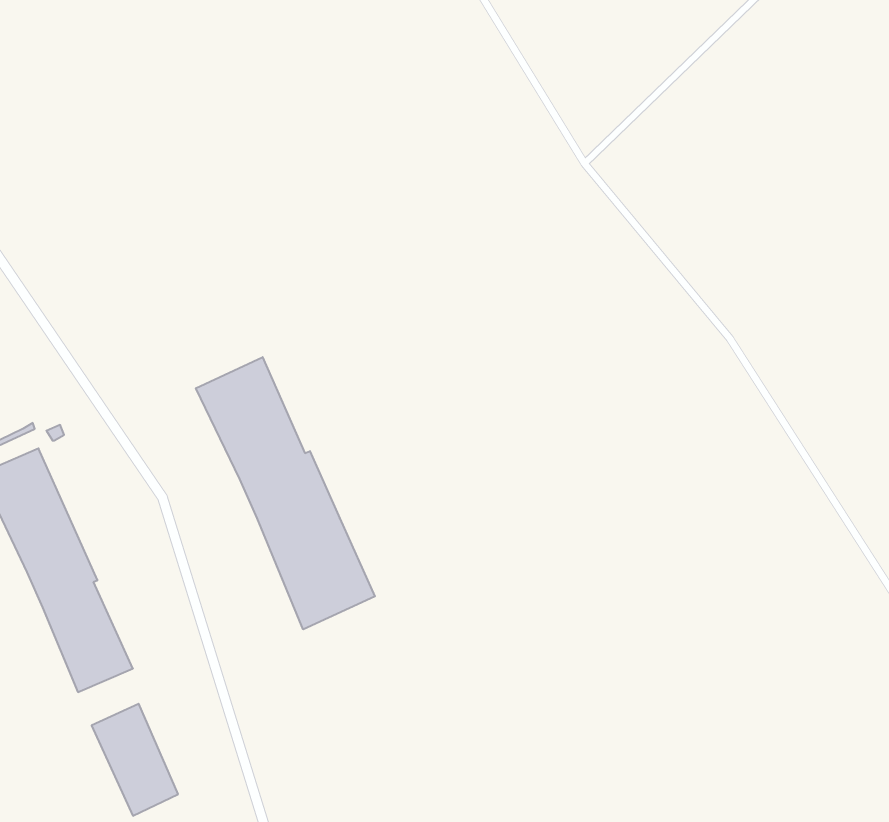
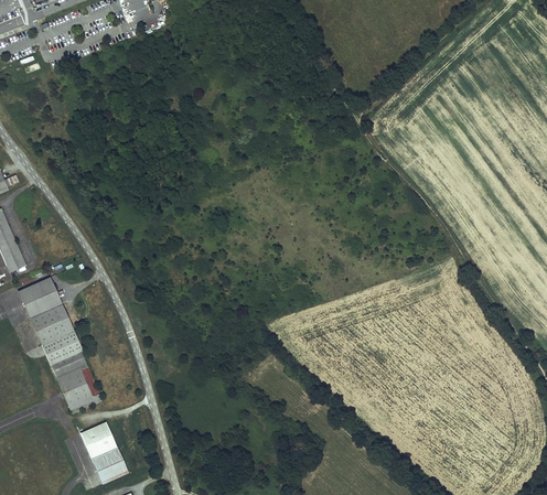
building: [196,357,375,629] -> none

